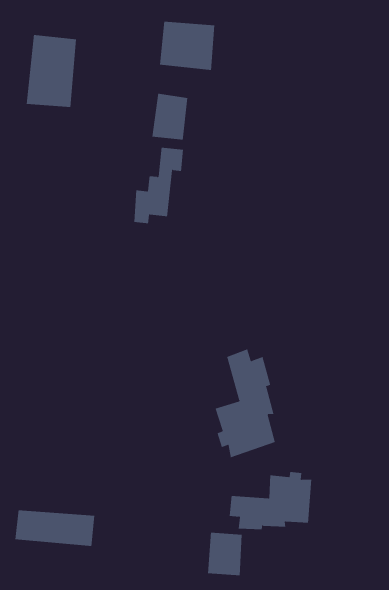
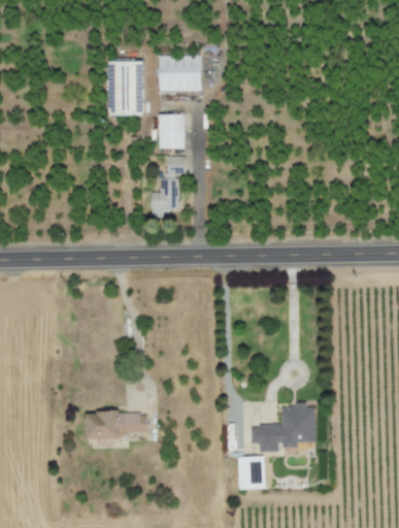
building: [26,35,77,108] -> [108,60,144,116]
building: [215,348,276,458] -> none
building: [15,510,95,546] -> [86,411,147,437]

